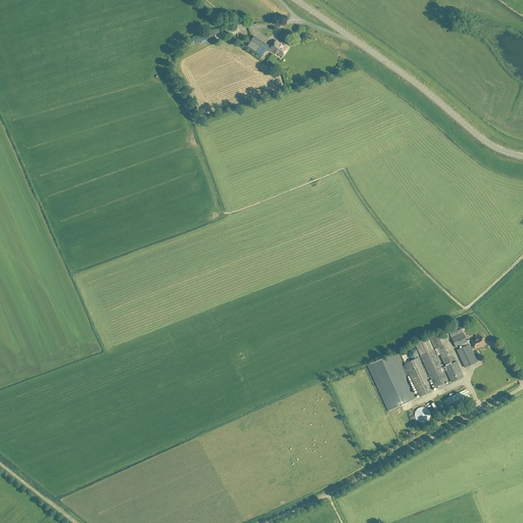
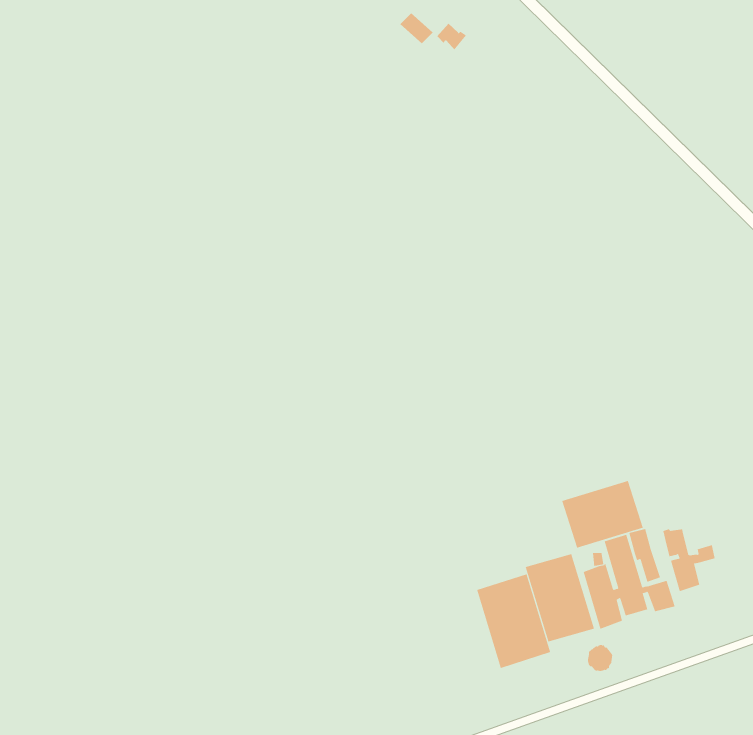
building: none -> [562,480,644,549]
building: none -> [476,573,551,669]

